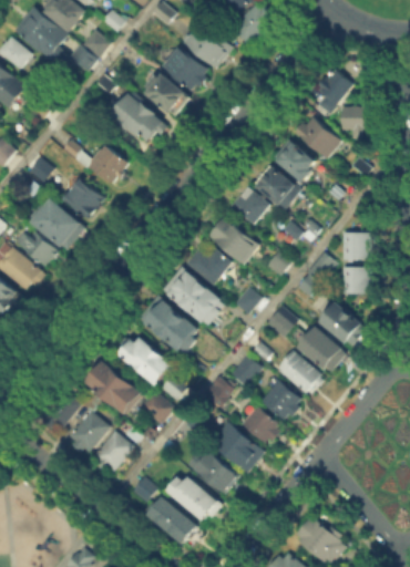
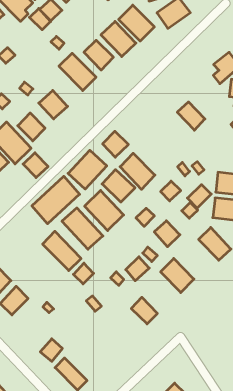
building: [295,116,339,159] -> none
building: [257,161,308,209] -> none
building: [232,188,266,223] -> [103,131,128,157]
building: none -> [68,150,107,189]
building: none -> [23,153,48,178]
building: none -> [32,176,80,224]
building: [300,329,347,373] -> none
building: [91,363,143,412] -> none
building: [263,377,300,414] -> none
building: [141,390,176,424] -> none
building: [217,427,258,466] -> none
building: [91,431,134,478] -> none
building: [196,450,239,491] -> none
building: [167,474,222,520] -> none

